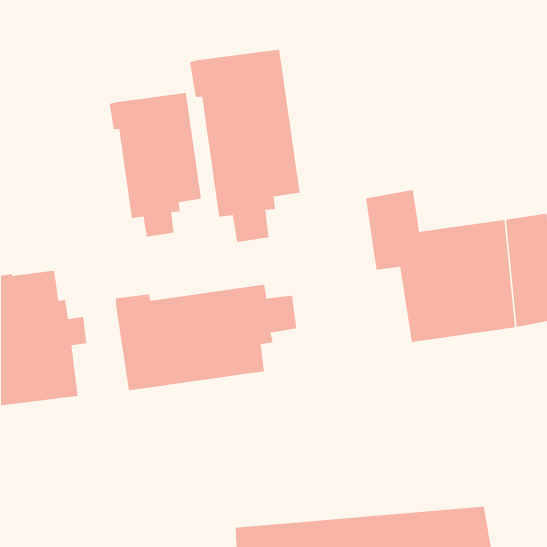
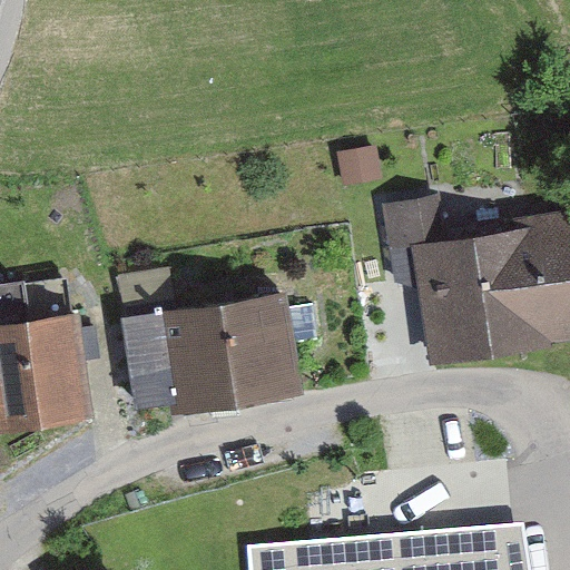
building: [190,49,300,243] -> none
building: [109,92,201,237] -> none

